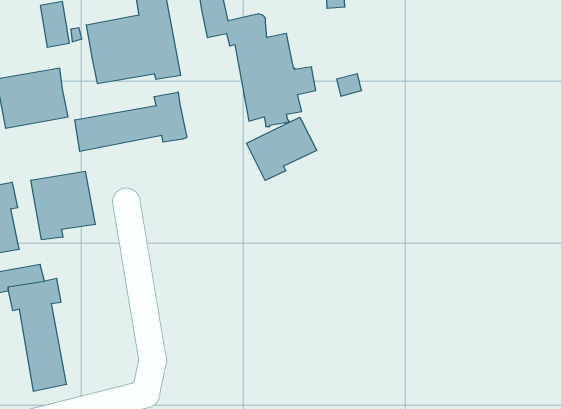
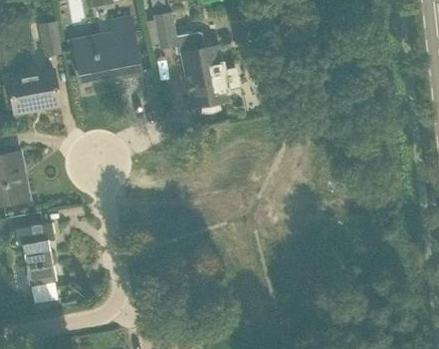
building: [75,92,187,151] -> none
building: [246,117,317,180] -> none
building: [31,171,95,240] -> none

